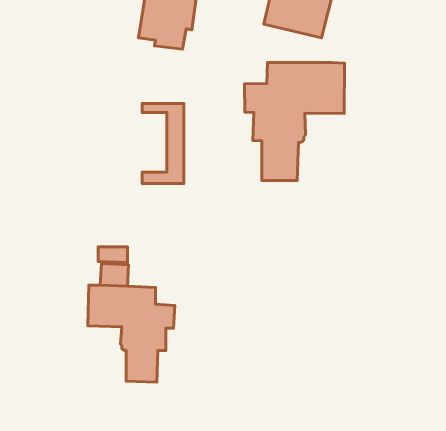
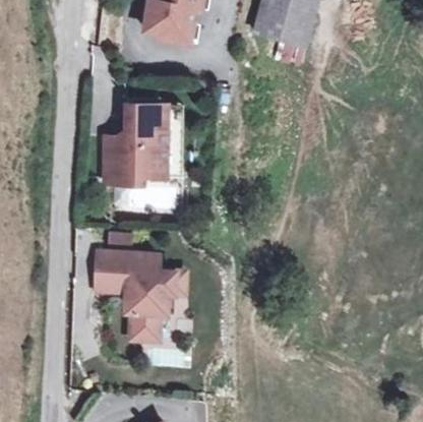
building: [245,62,345,180] -> none
building: none -> [105,101,166,180]

